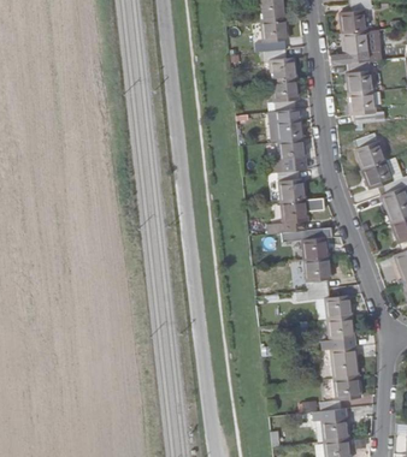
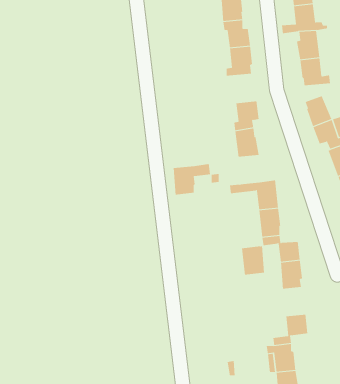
building: [269,111,303,143] -> none
building: [282,198,324,233] -> [173,164,211,195]
building: [331,348,358,380] -> [241,246,265,275]

